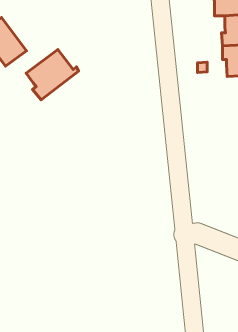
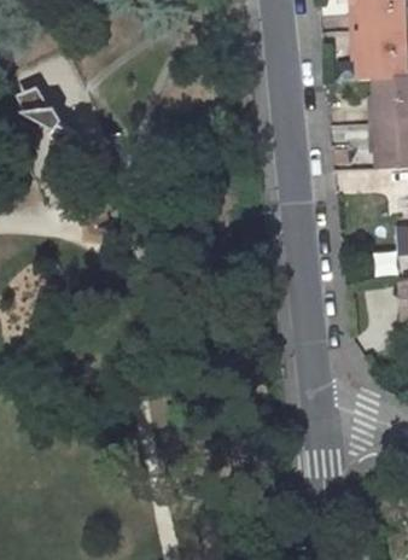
building: [26,50,79,100] -> none

